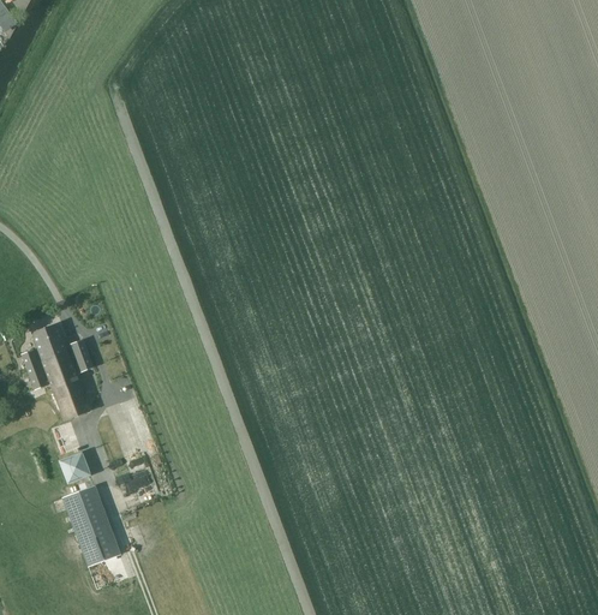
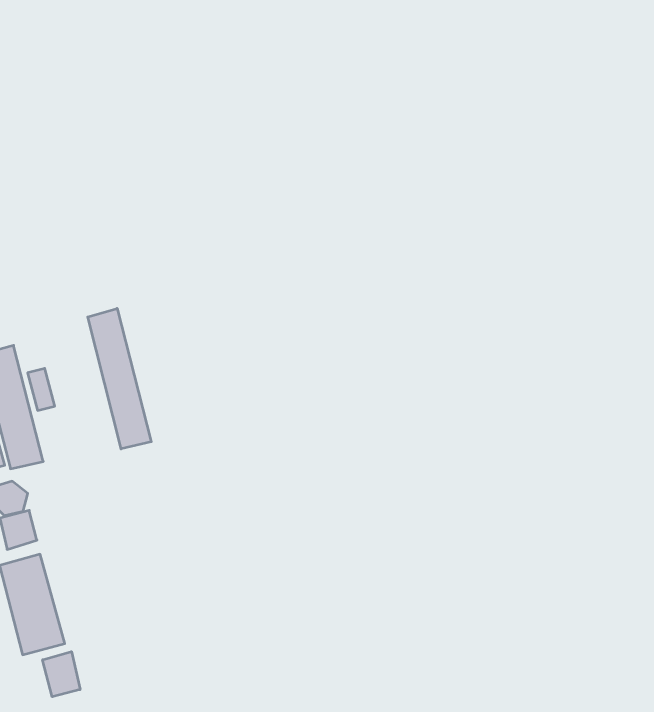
building: none -> [88,308,151,449]
building: none -> [43,652,80,697]

